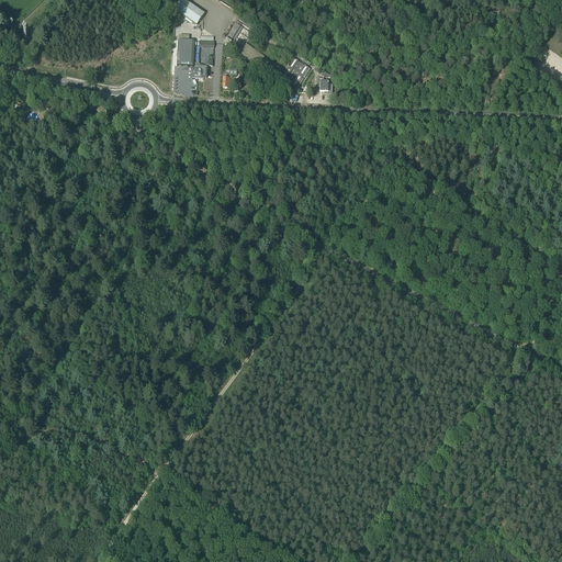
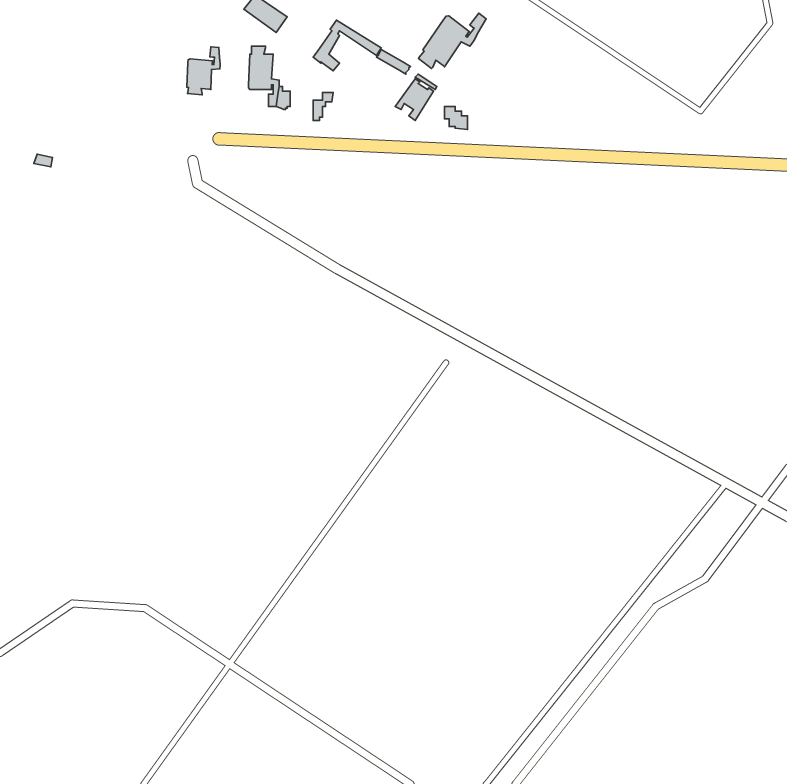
building: none -> [418,13,486,69]
building: none -> [187,47,220,95]

